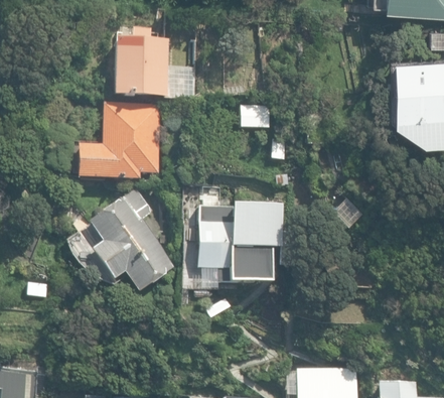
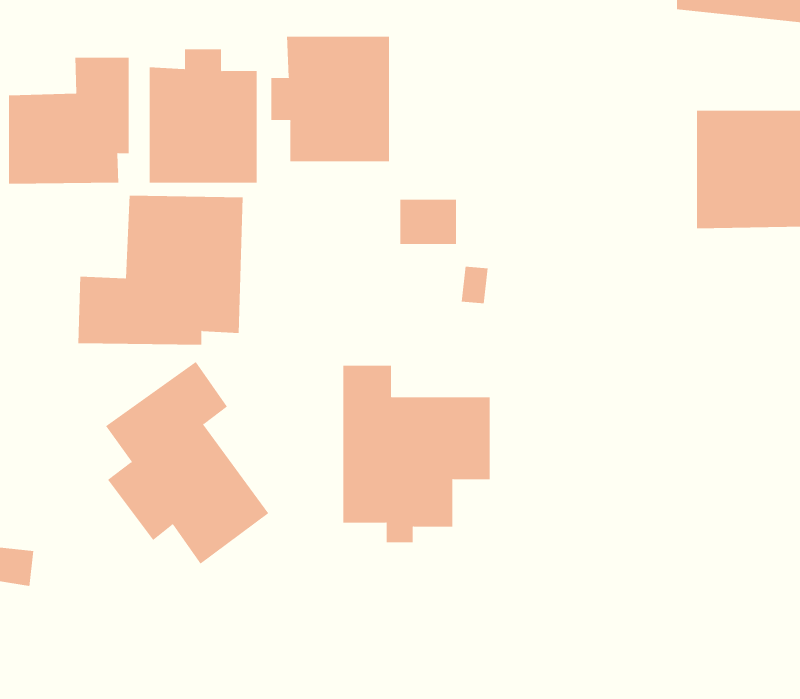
building: none -> [271,36,390,162]
building: none -> [9,57,129,184]

